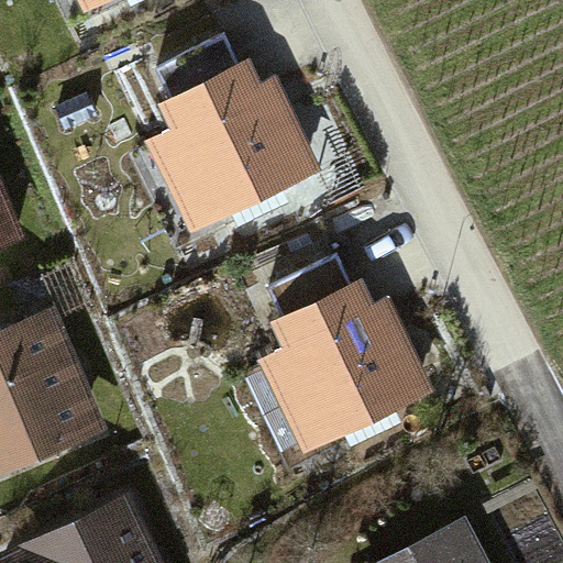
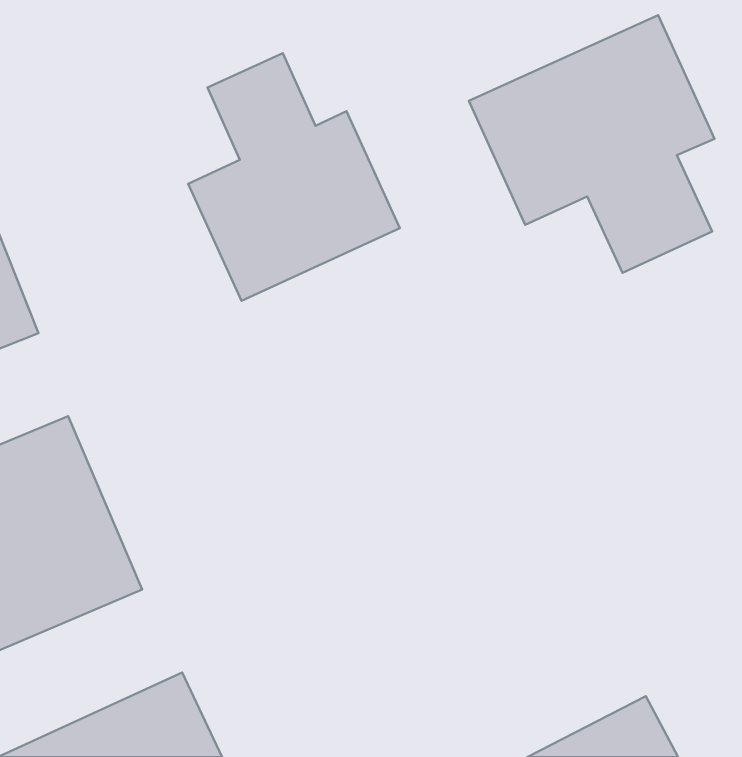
building: none -> [469,15,714,273]
building: [256,280,418,443] -> none

